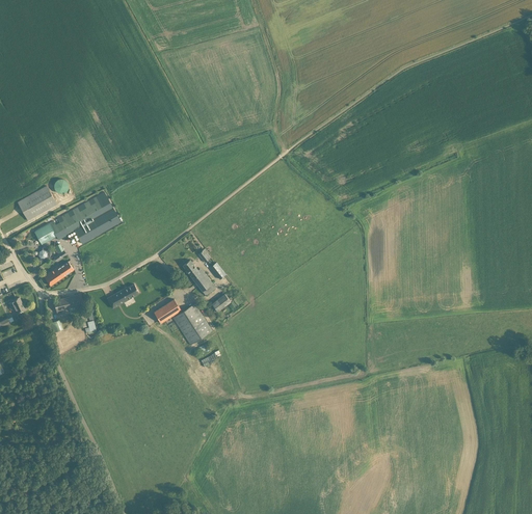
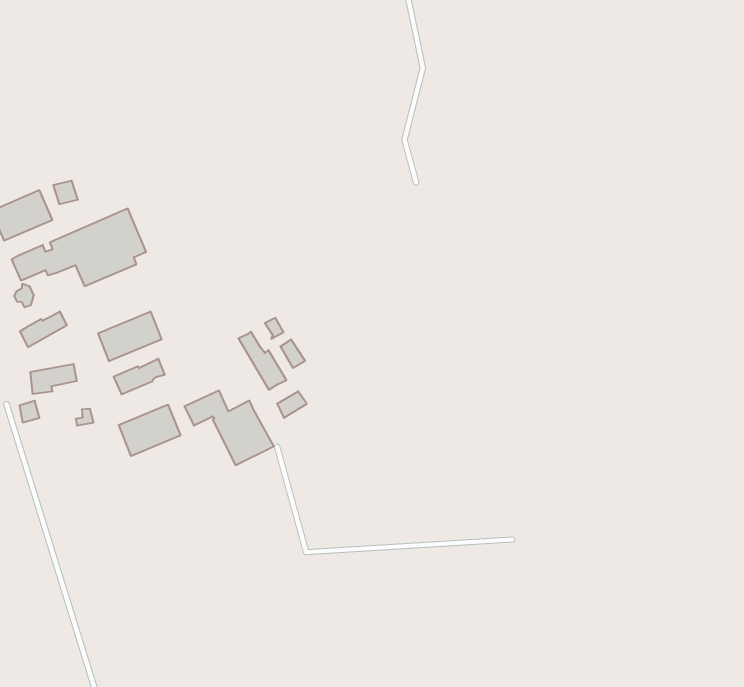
building: none -> [98,311,162,361]
building: none -> [119,405,180,456]

